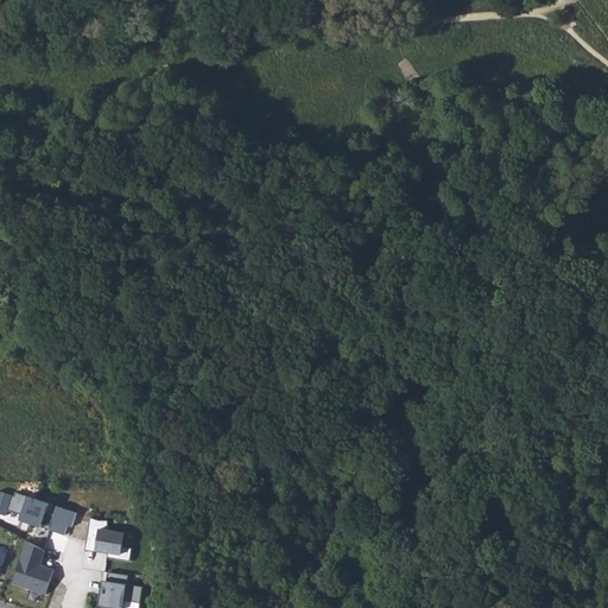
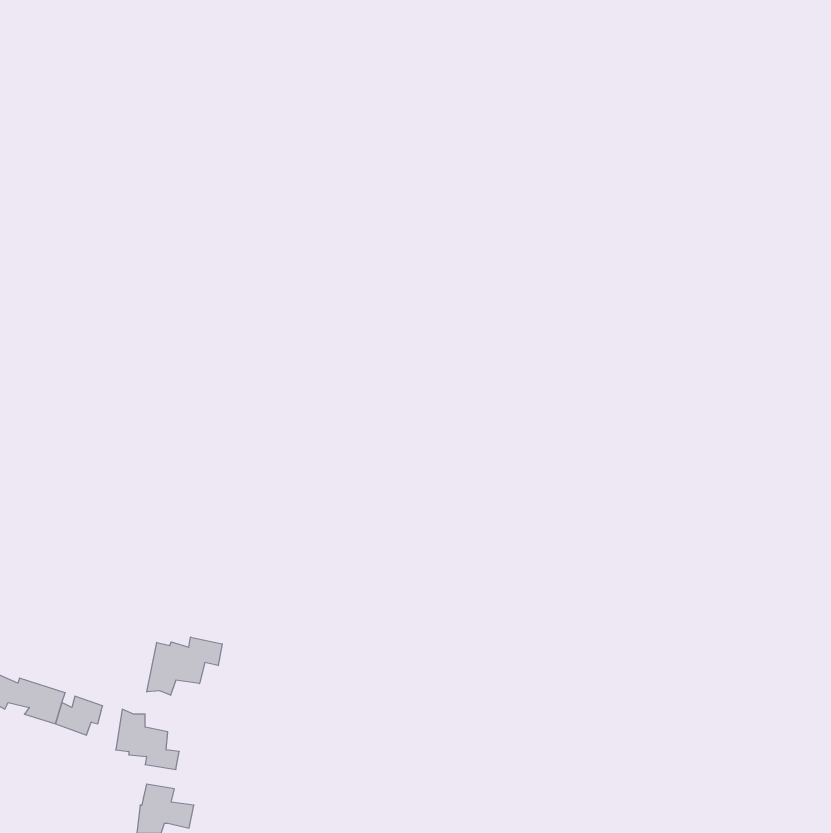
building: none -> [147,637,222,695]
building: [11,540,52,594] -> none

